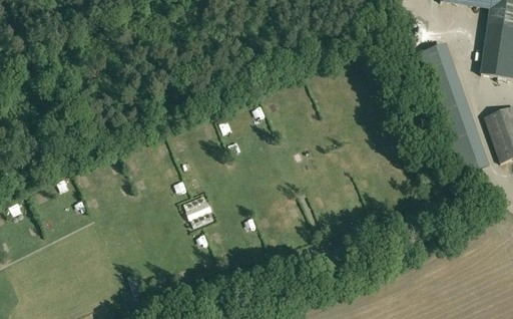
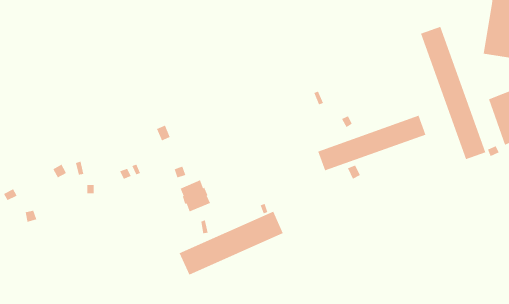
building: none -> [318,115,426,171]
building: none -> [179,211,284,276]

